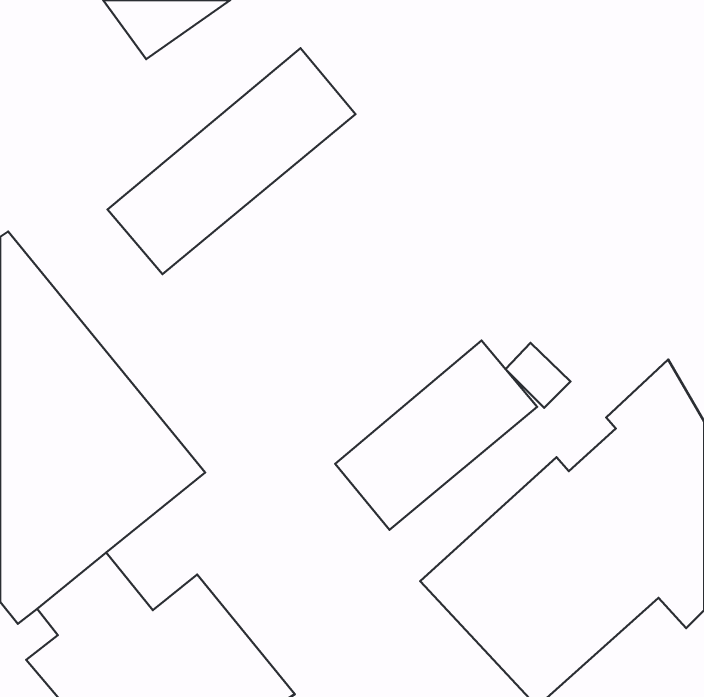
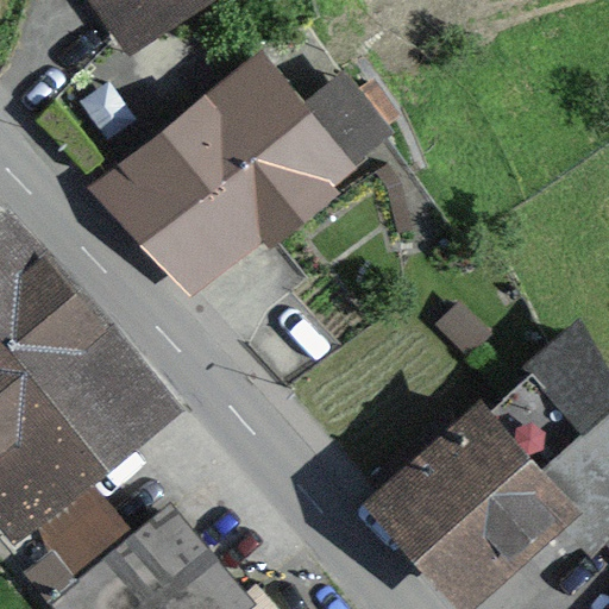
building: none -> [140,71,407,302]
building: [335,341,537,530] -> none

